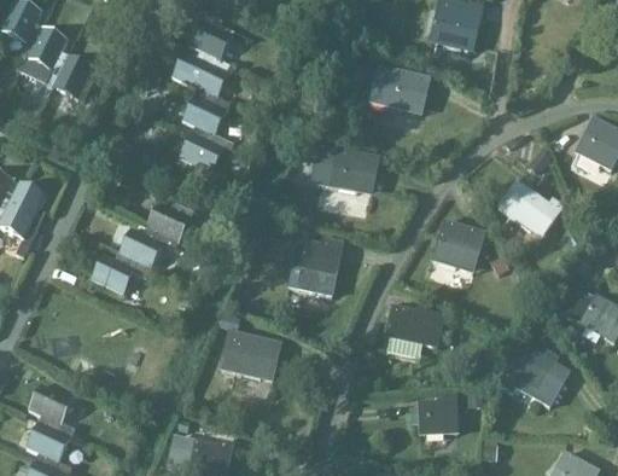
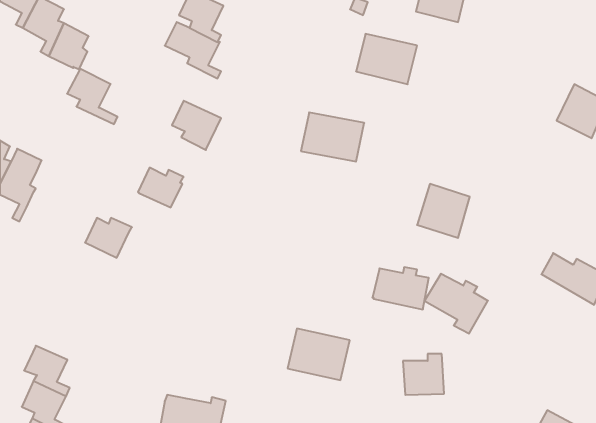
building: [181,94,233,151] -> [67,69,118,124]
building: [497,180,565,239] -> none
building: [116,228,177,269] -> none
building: [287,237,343,297] -> none
building: [218,330,282,383] -> [288,329,350,380]
building: [503,344,569,406] -> [424,274,488,334]

